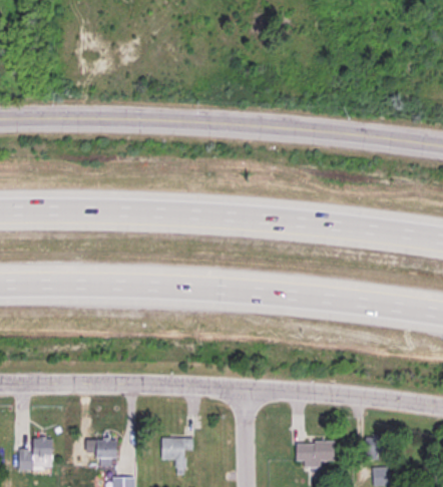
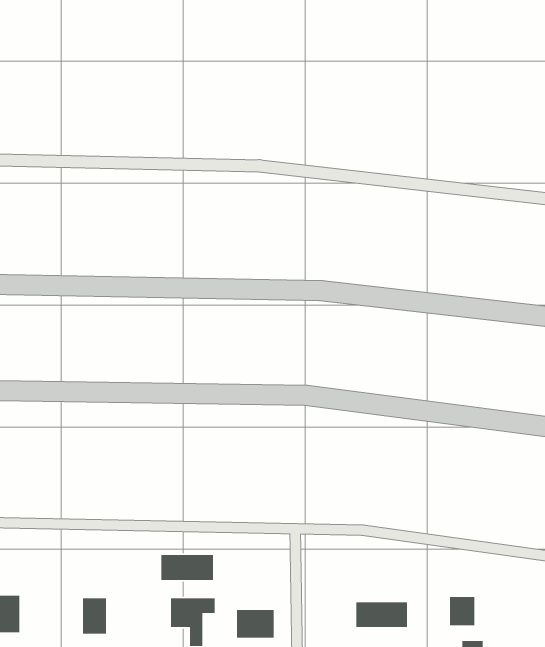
building: none -> [161,554,214,581]
building: none -> [236,609,274,638]

